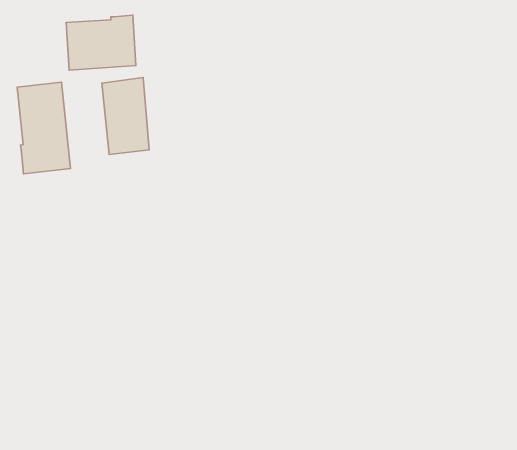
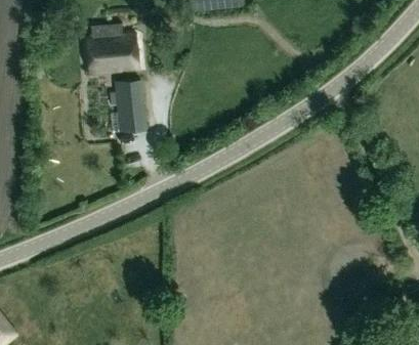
building: [17,82,70,174] -> none

